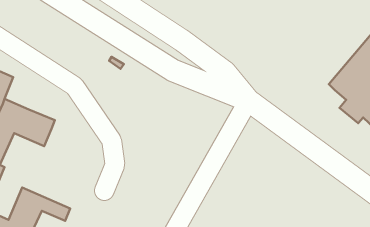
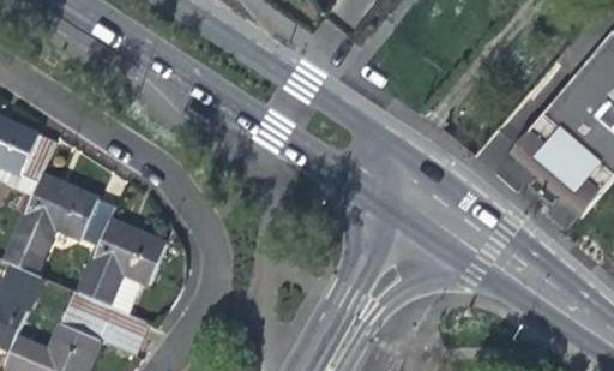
building: none -> [67,214,165,331]

